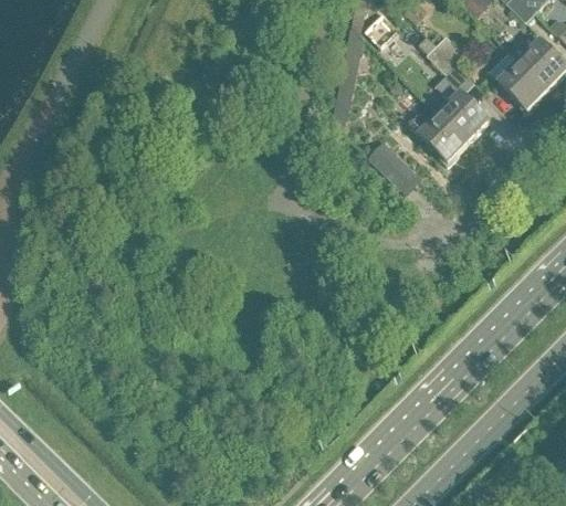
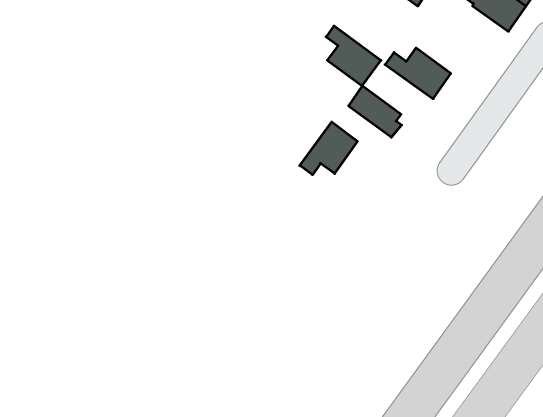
building: [439,82,489,141] -> [326,26,381,86]
building: none -> [300,122,357,175]

